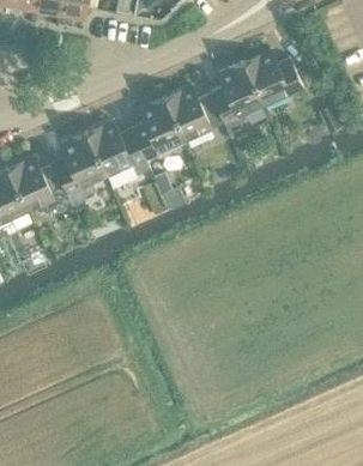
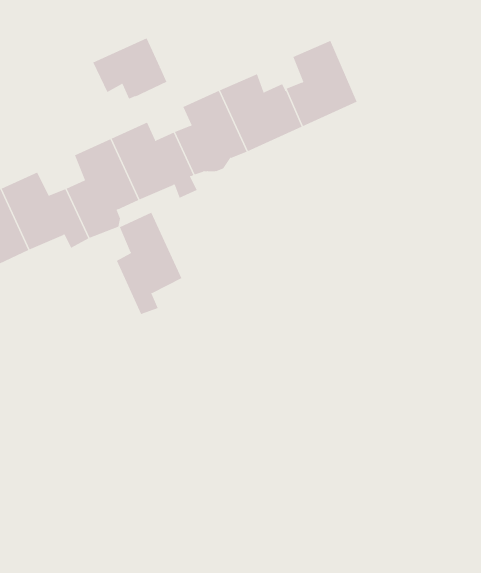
building: [244,52,303,107] -> none
building: none -> [92,37,167,99]
building: none -> [116,212,182,315]

